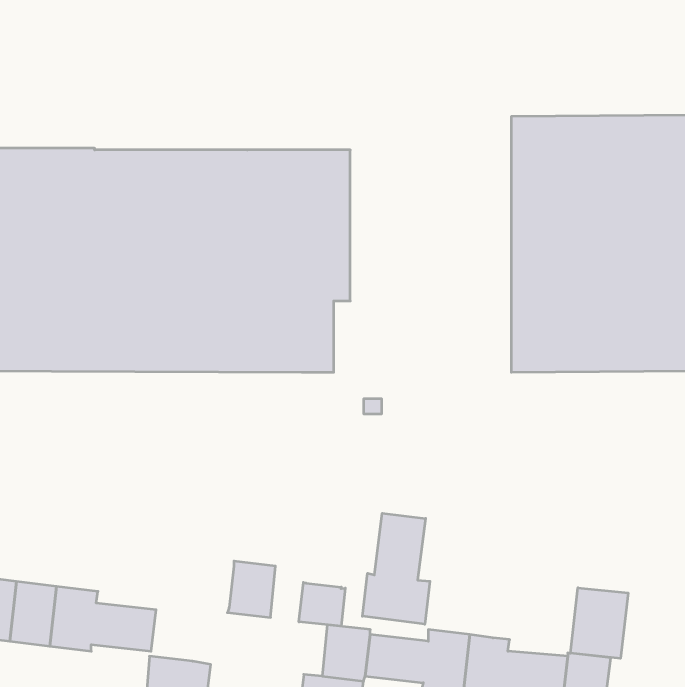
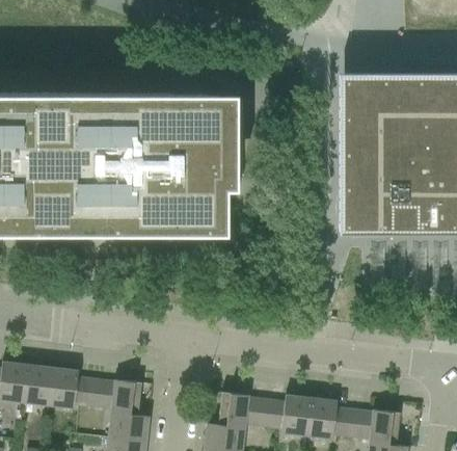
building: [362,513,430,624] -> none
building: [227,561,275,617] -> [111,380,141,416]
building: [299,582,345,626] -> none
building: [570,588,628,658] -> none

